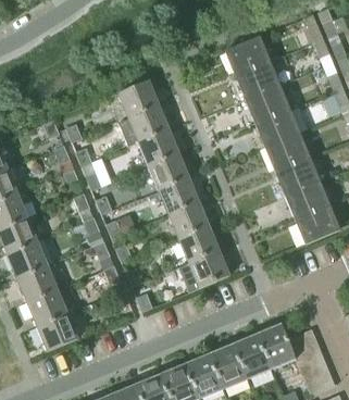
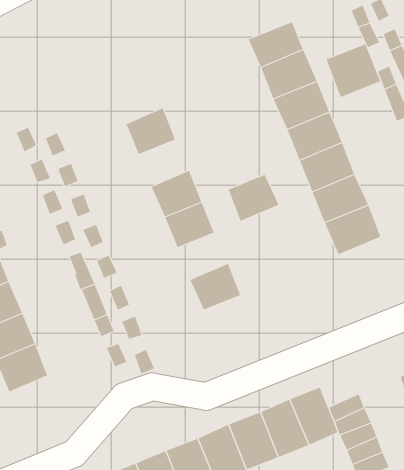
building: none -> [326,44,381,98]
building: [117,80,158,117] -> none
building: [138,129,178,166] -> none
building: [169,202,209,239] -> [228,174,279,221]
building: [295,205,338,243] -> none
building: [189,251,228,288] -> none
building: [37,314,77,351] -> none

